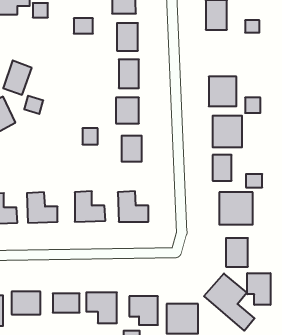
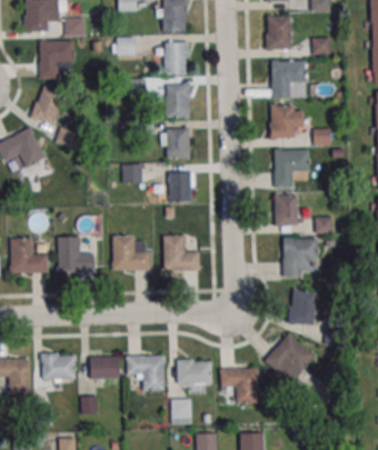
building: none -> [40,40,73,78]
building: none -> [271,60,306,97]
building: [247,273,270,305] -> none

